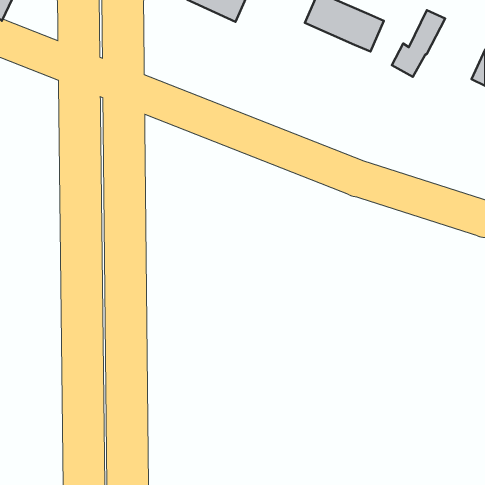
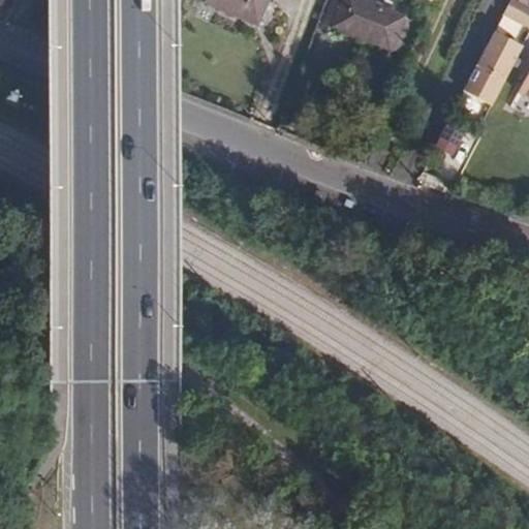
building: [392,10,445,77] -> [464,18,522,90]

